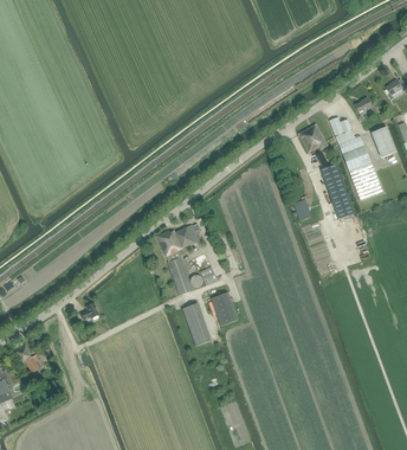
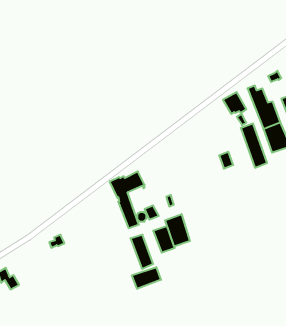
building: none -> [165,214,190,246]
building: none -> [132,267,161,289]

